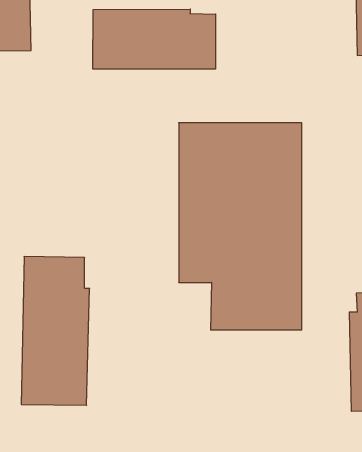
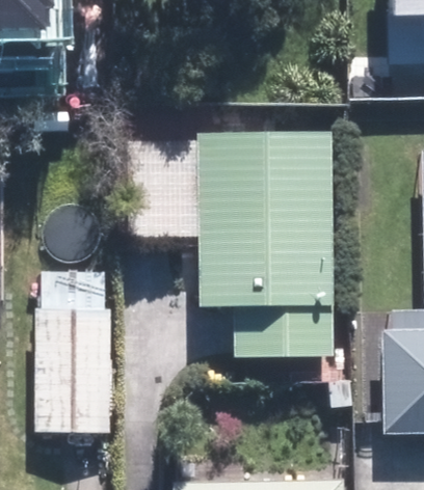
building: [93,9,216,69] -> none

